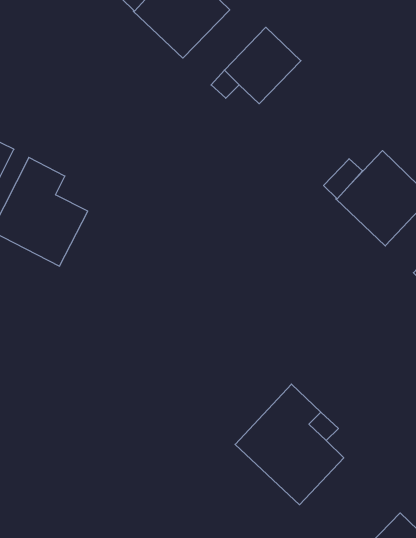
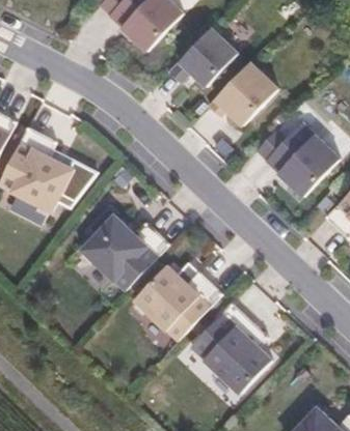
building: none -> [208,63,277,126]
building: none -> [81,216,168,291]
building: none -> [134,266,221,341]

